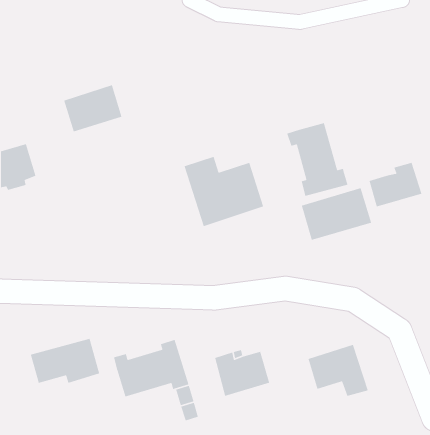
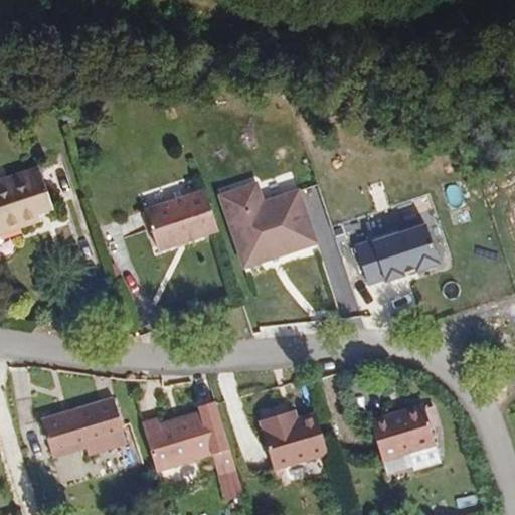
building: [63,84,123,133] -> [149,190,219,247]
building: [286,122,348,197] -> none
building: [368,162,423,207] -> none

